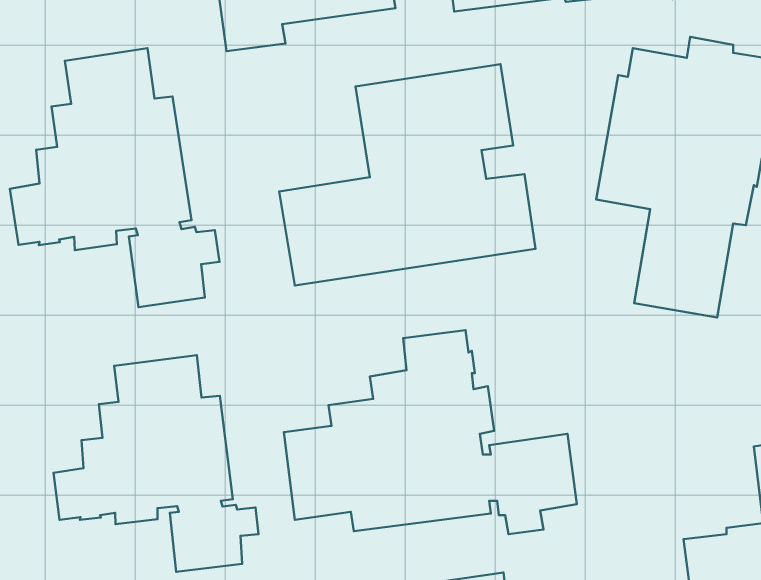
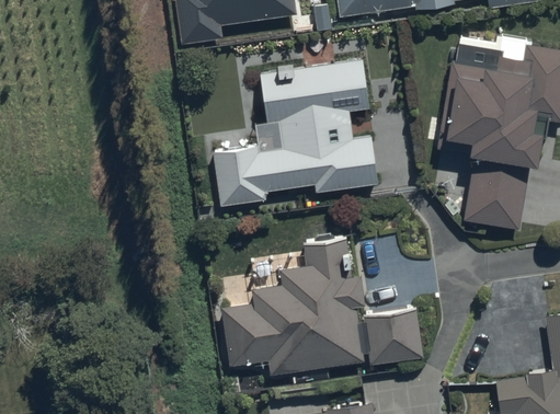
building: [10,48,219,307] -> none
building: [54,355,259,572] -> none

